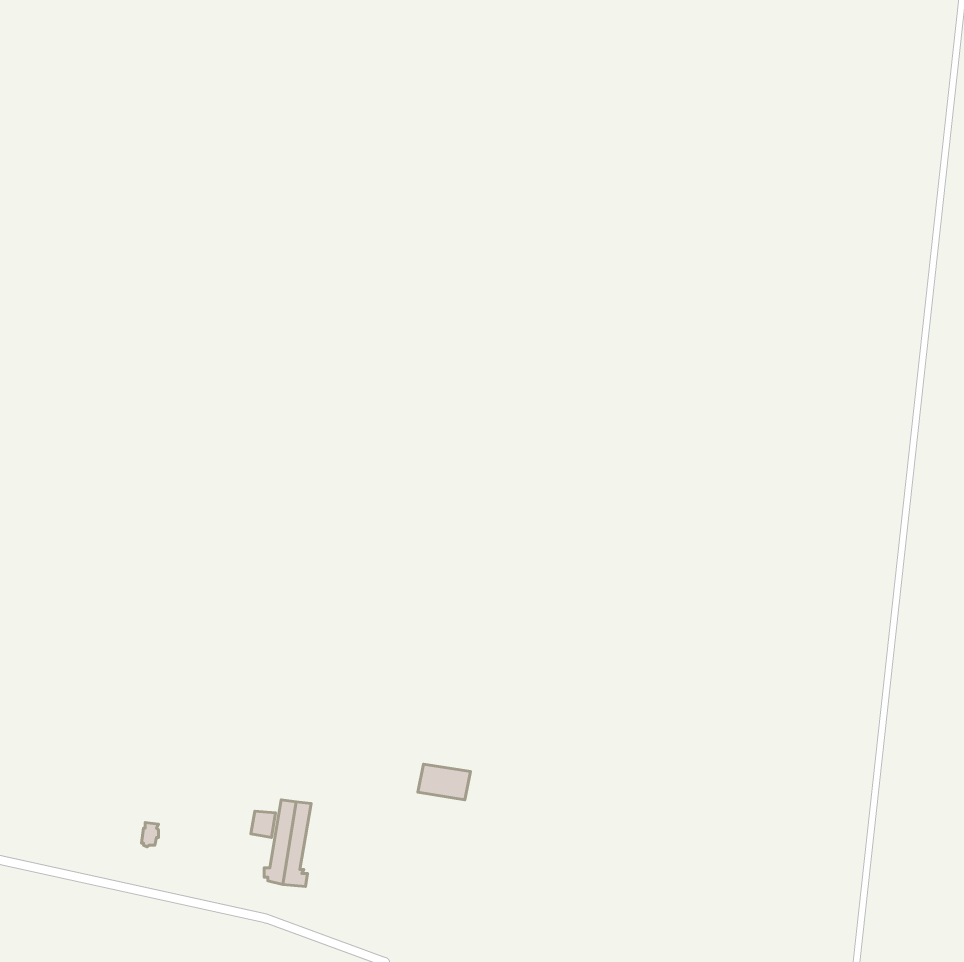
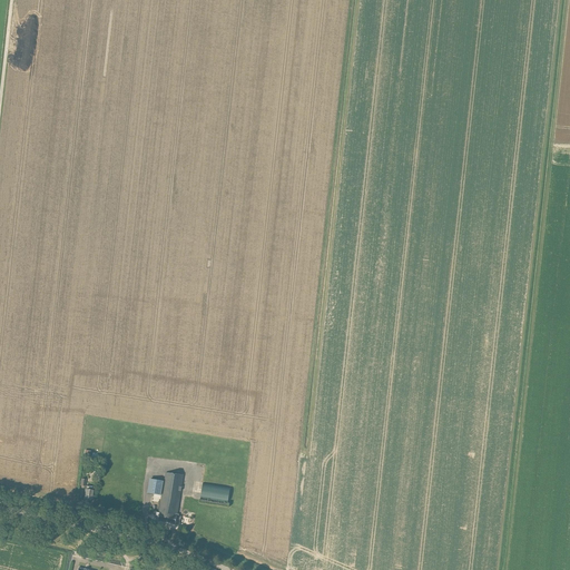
building: [418,764,471,800] -> [199,482,230,503]

